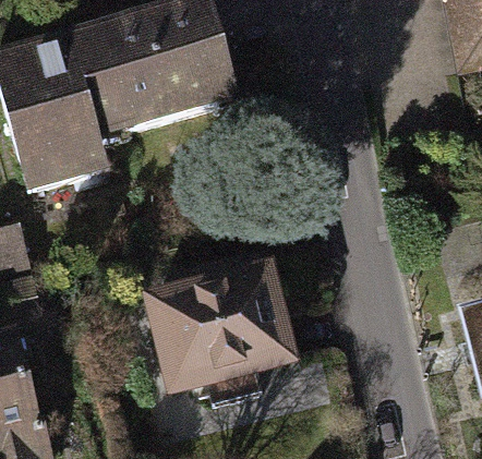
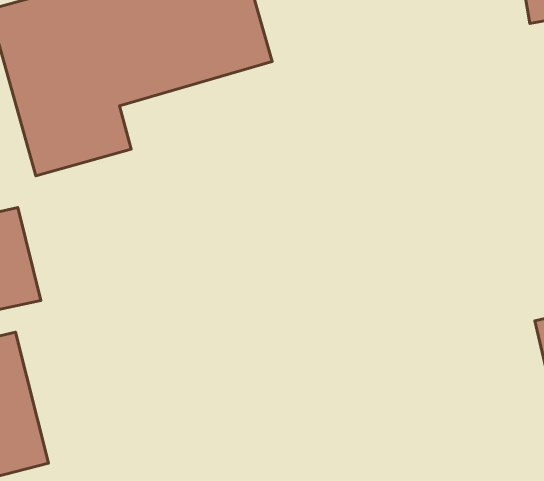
building: [144,259,301,404] -> none

